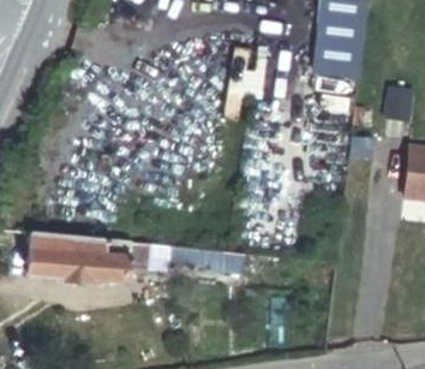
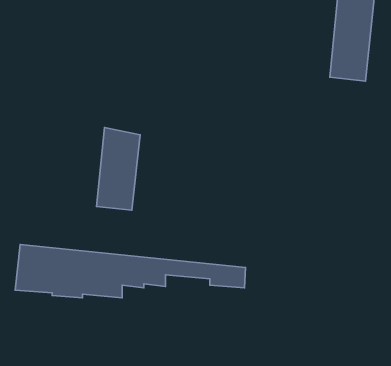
building: none -> [96,127,140,210]

